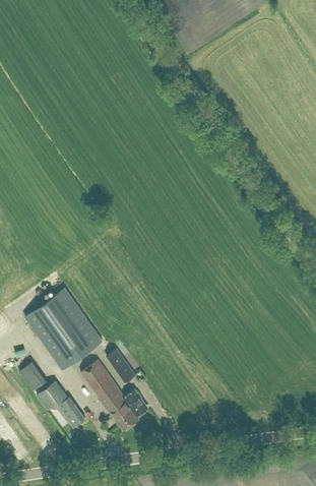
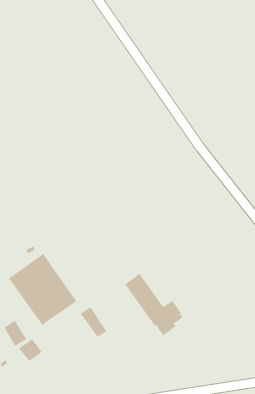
building: [81,359,147,430] -> [125,273,184,336]
building: [57,396,86,428] -> none

